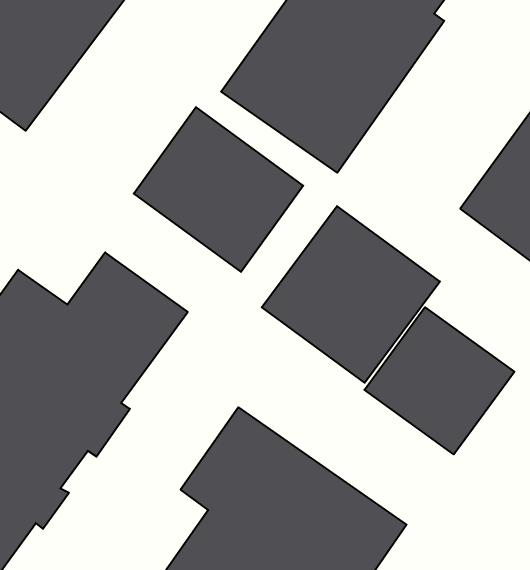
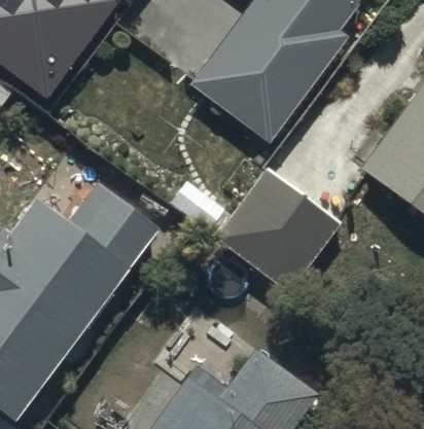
building: [134,107,303,272] -> none
building: [364,307,514,454] -> none

